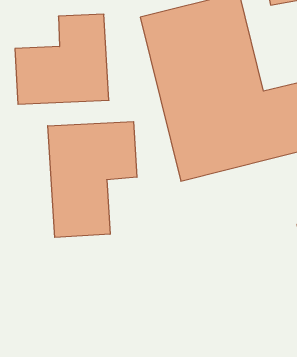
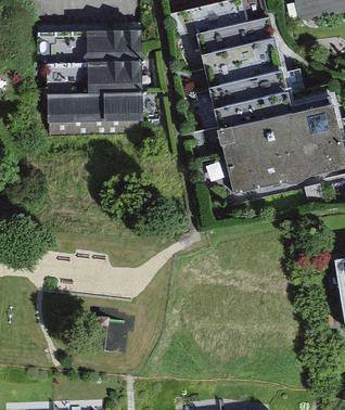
building: [48,122,137,237] -> none

